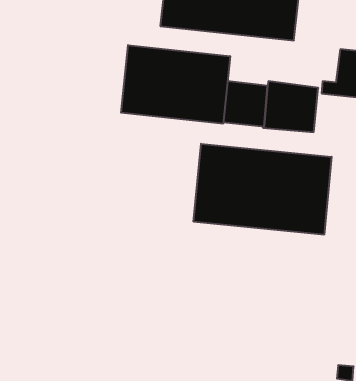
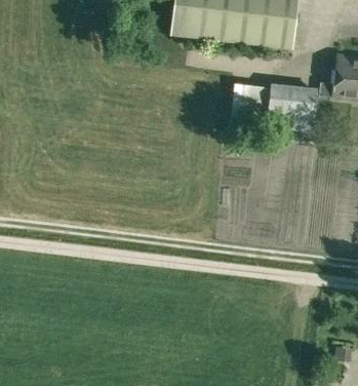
building: [121,45,230,124] -> none
building: [194,144,332,235] -> none

